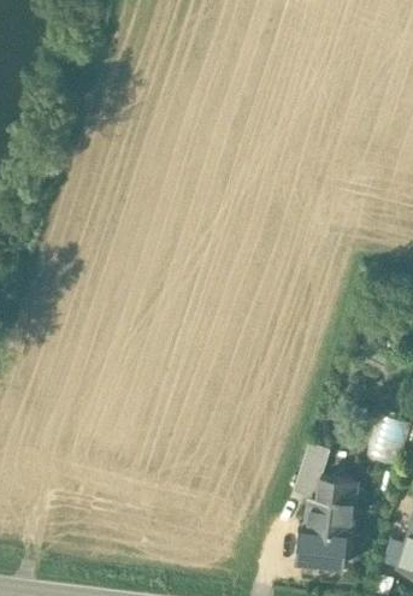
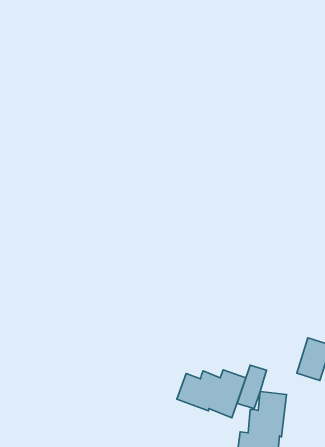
building: none -> [177,370,246,418]

